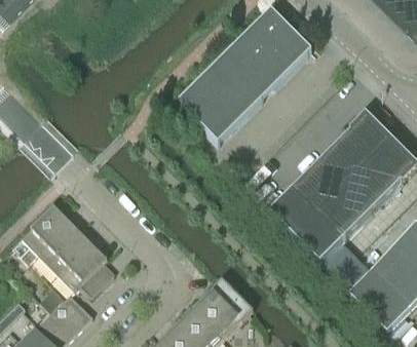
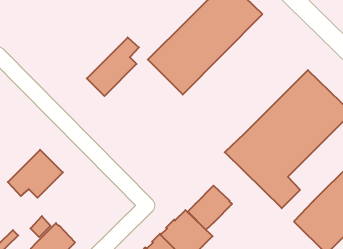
building: none -> [87,37,139,96]
building: [47,234,113,297] -> none
building: none -> [188,186,232,230]

